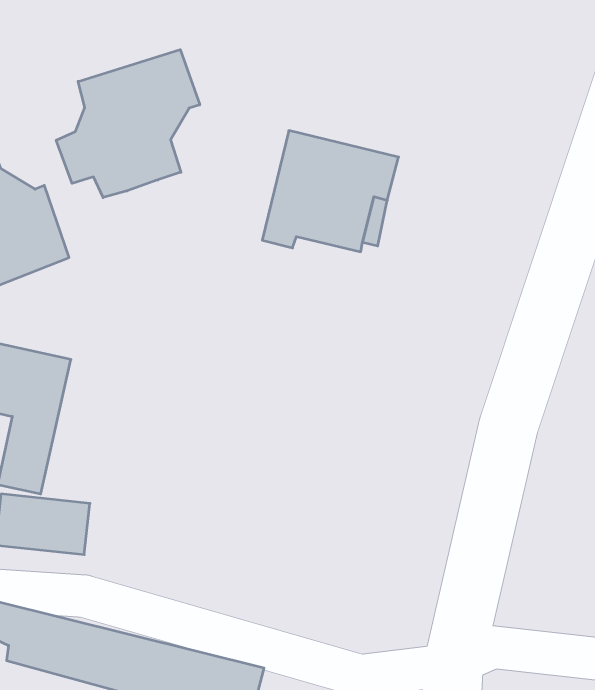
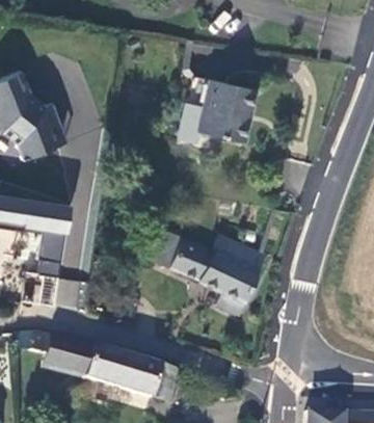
building: [56,50,200,198] -> none
building: none -> [164,235,262,297]

